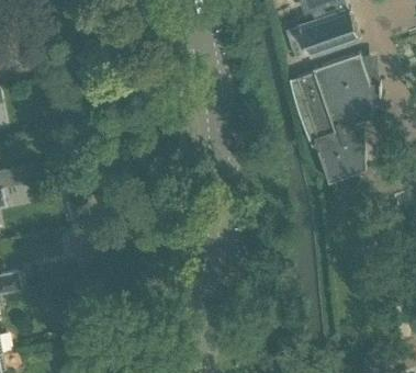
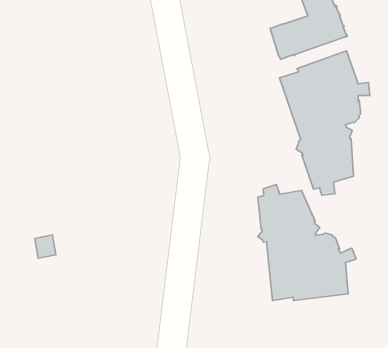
building: none -> [258,184,356,301]

